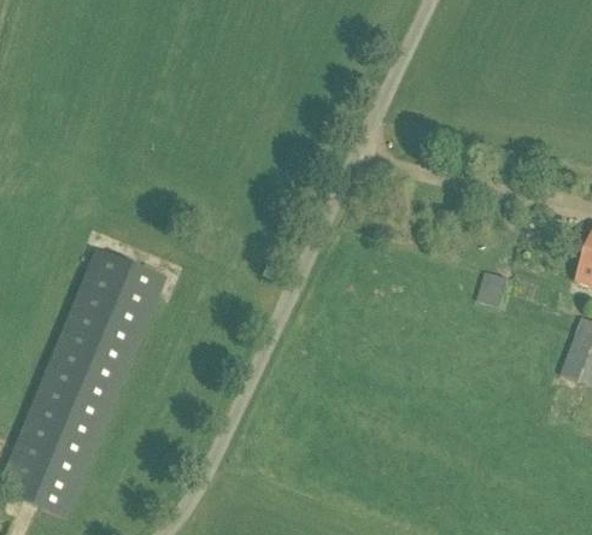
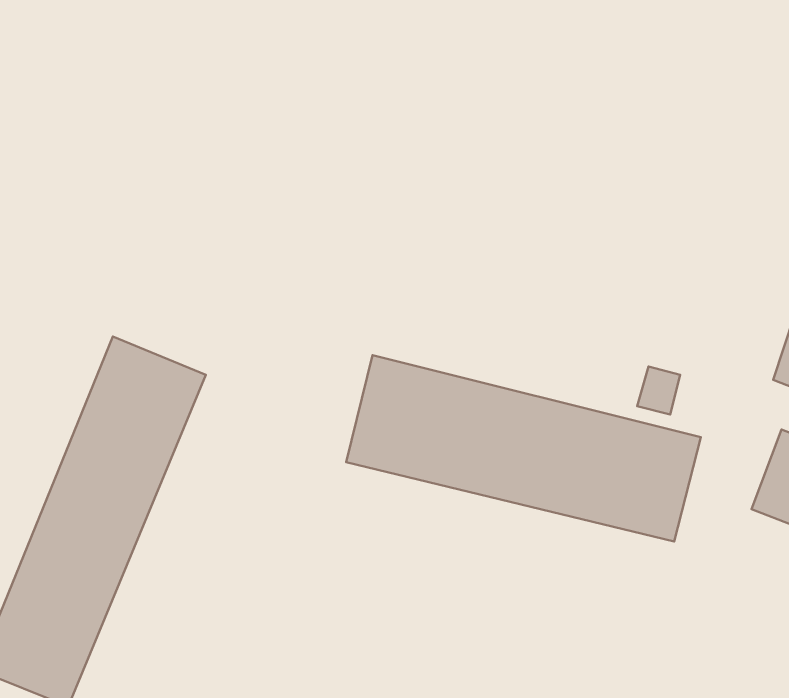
building: none -> [346,355,701,542]

